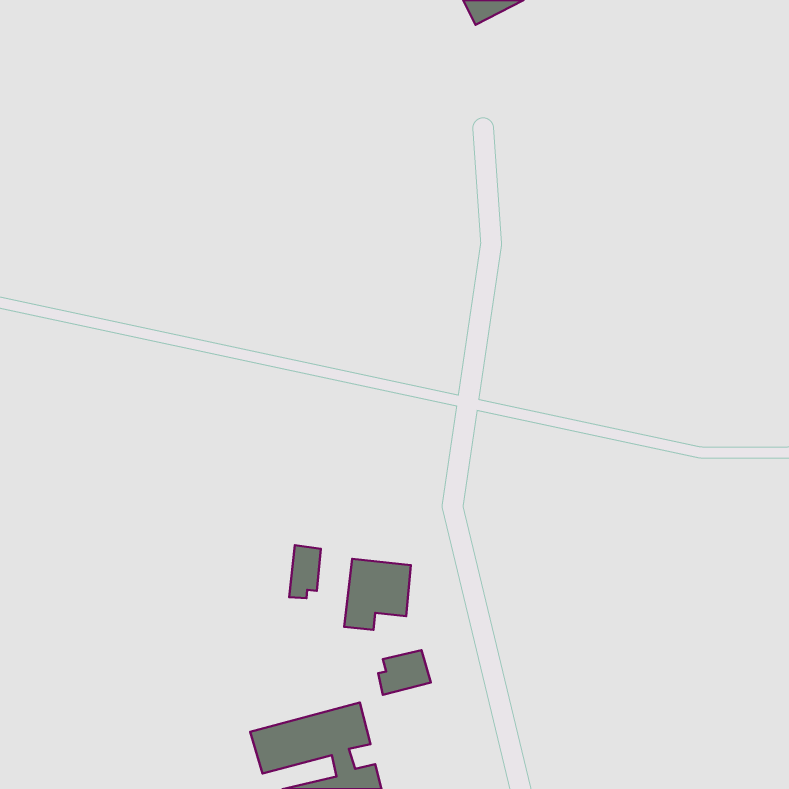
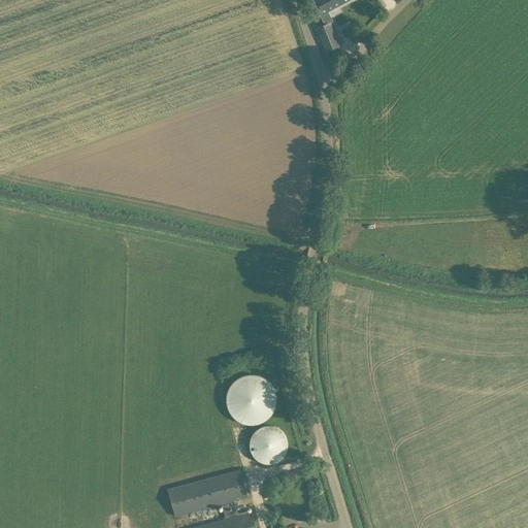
building: none -> [317,21,341,51]
building: [289,545,321,598] -> none

